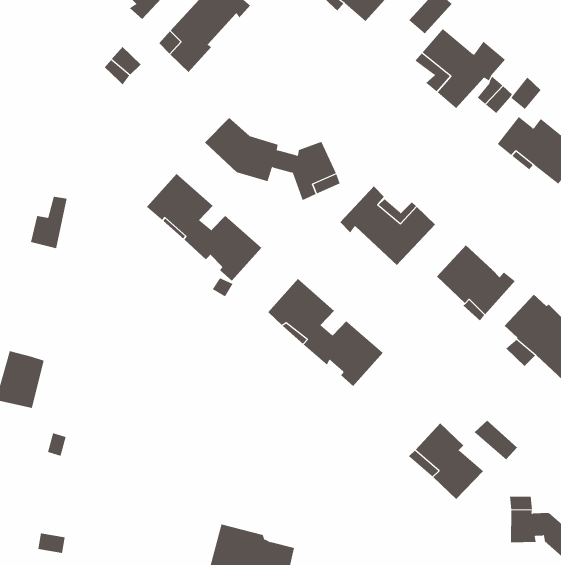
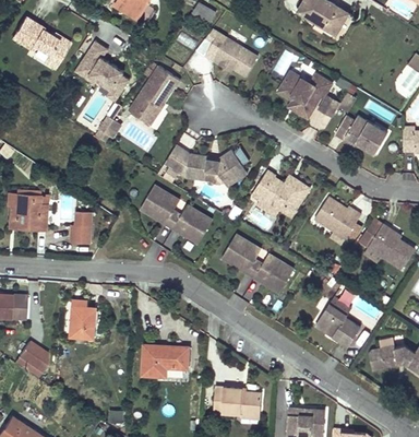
building: none -> [141,344,187,377]

